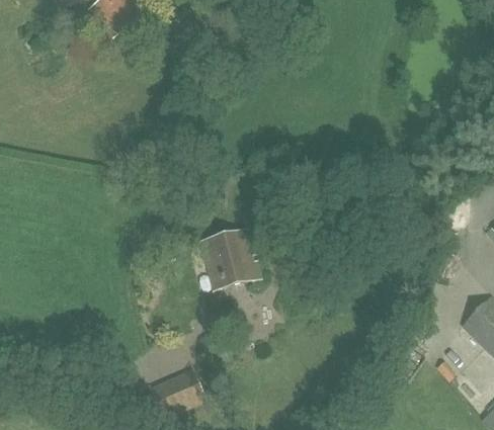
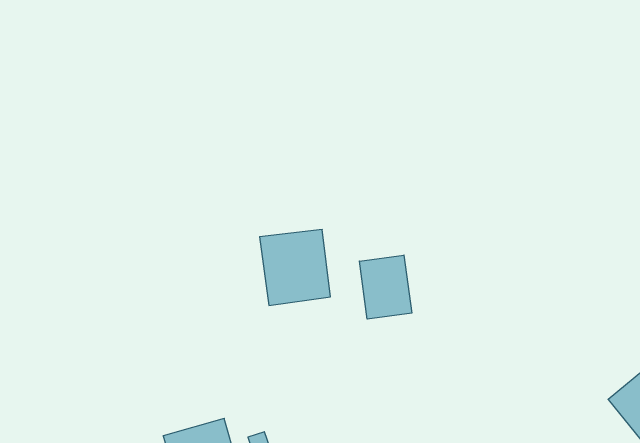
building: none -> [359,255,412,319]

